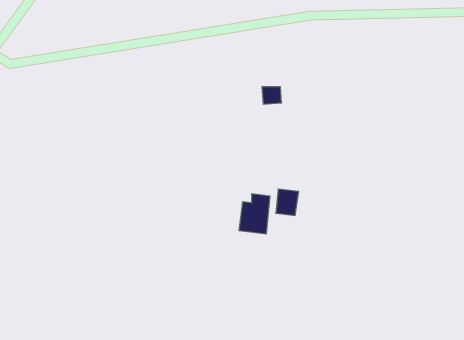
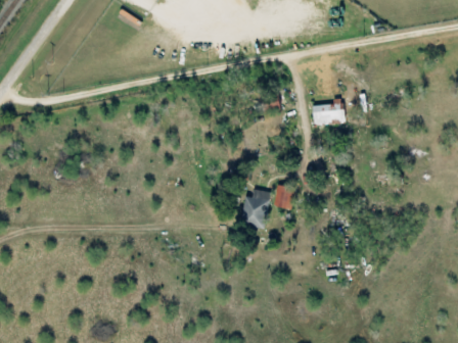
building: none -> [312,103,344,125]

